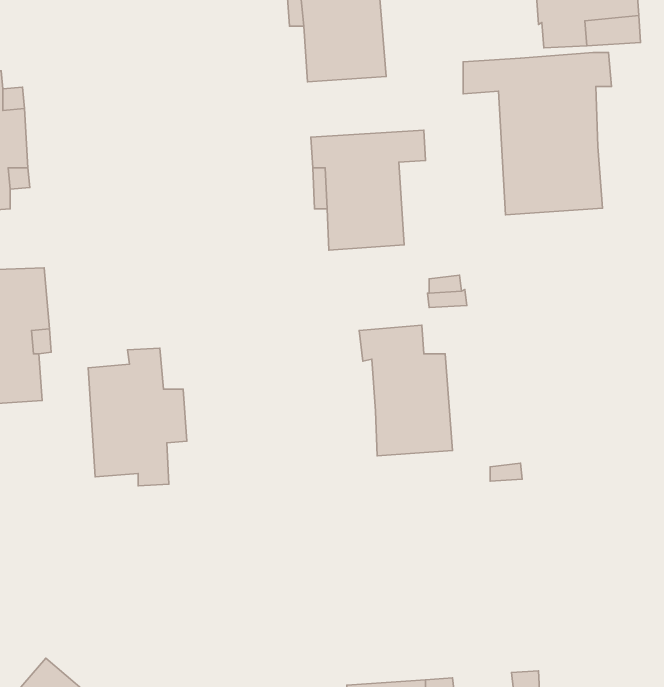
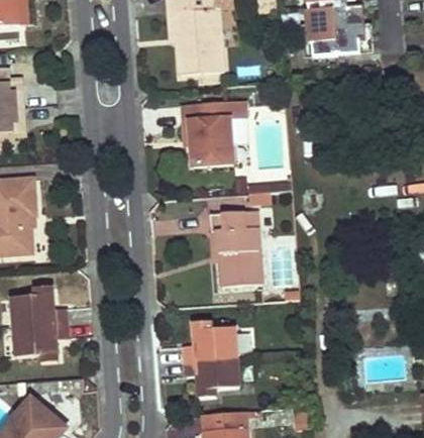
building: [463,53,611,215] -> none
building: [88,348,187,486] -> [12,285,68,362]
building: none -> [185,322,239,398]

